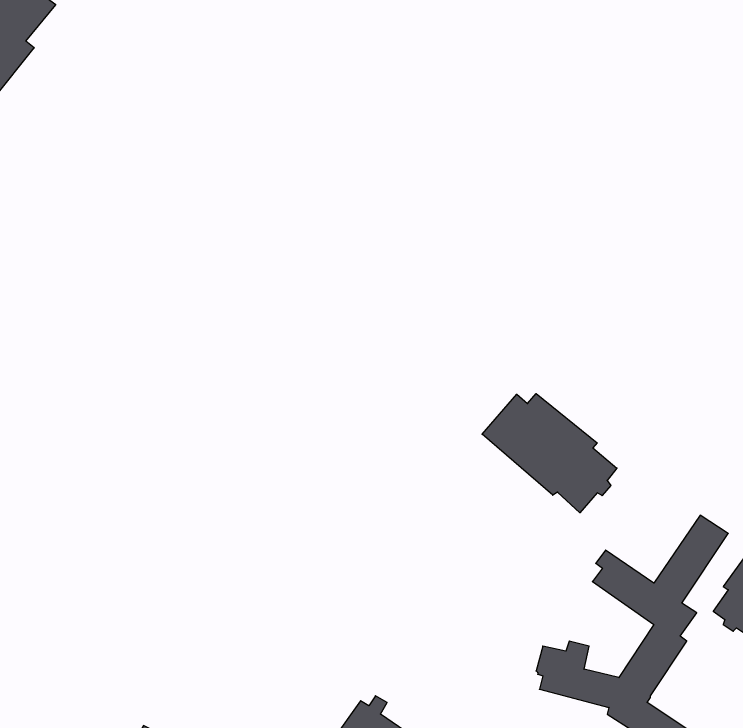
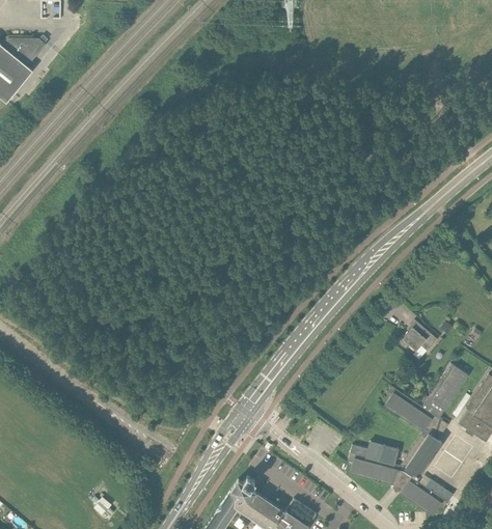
building: [482,394,617,513] -> none
building: none -> [403,319,438,351]

